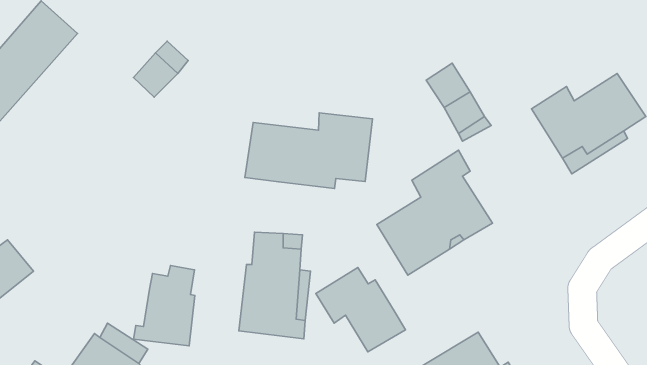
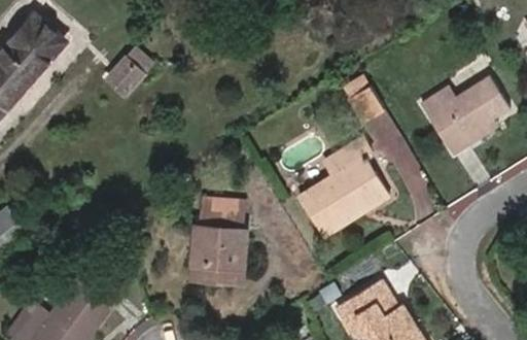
building: [245,113,373,189] -> none
building: [133,266,195,346] -> none
building: [316,268,405,352] -> none

